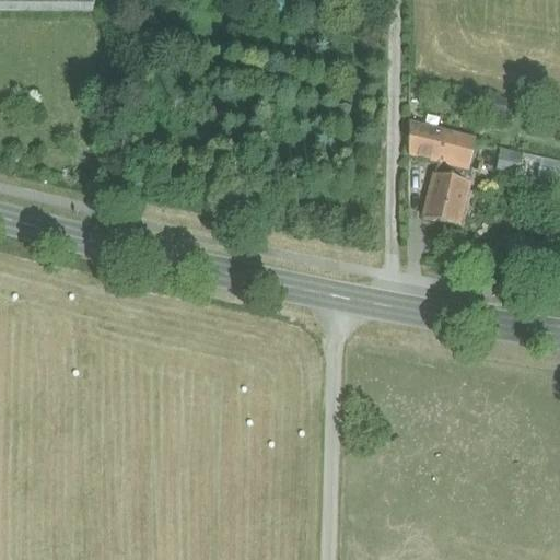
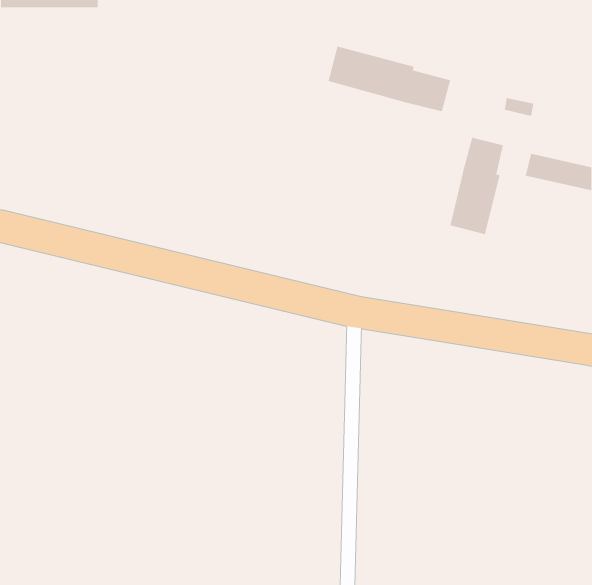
building: none -> [328,45,451,112]
building: [408,119,445,158] -> none

